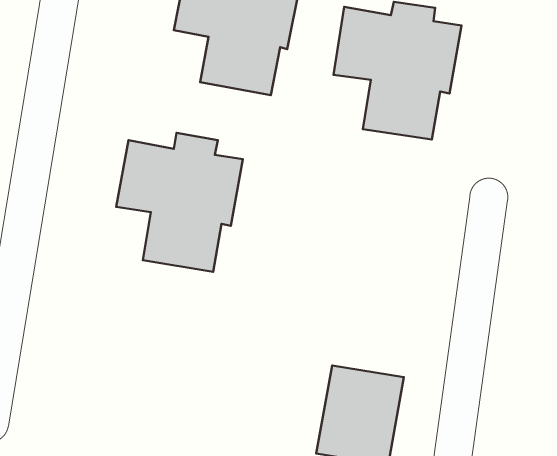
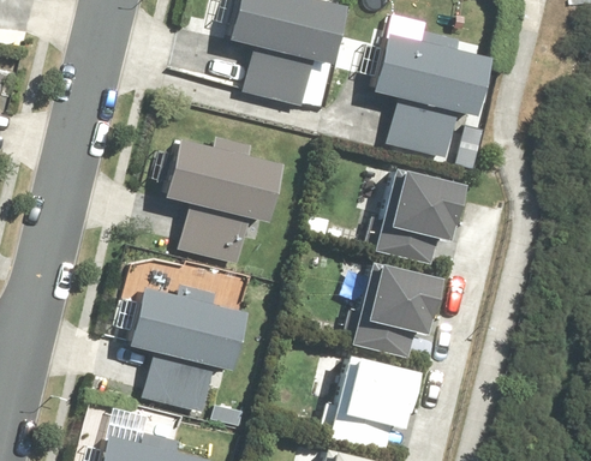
building: none -> [378,169,459,264]
building: none -> [353,261,436,358]
building: none -> [130,287,249,413]

